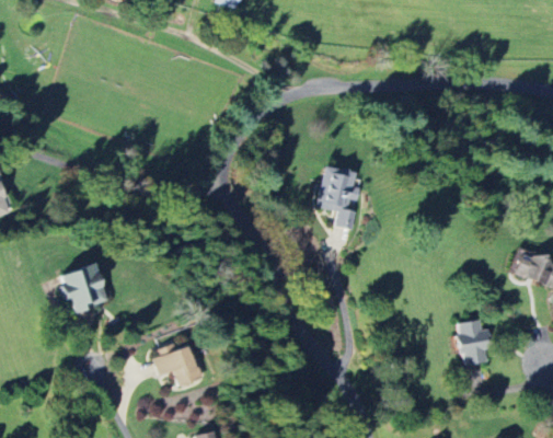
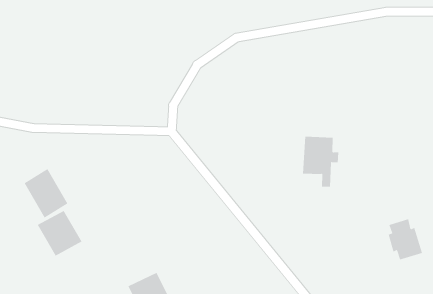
building: [316,165,361,227] -> [302,136,339,187]
building: none -> [24,168,68,218]

